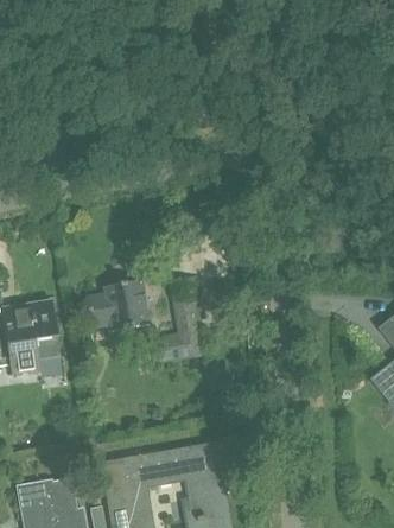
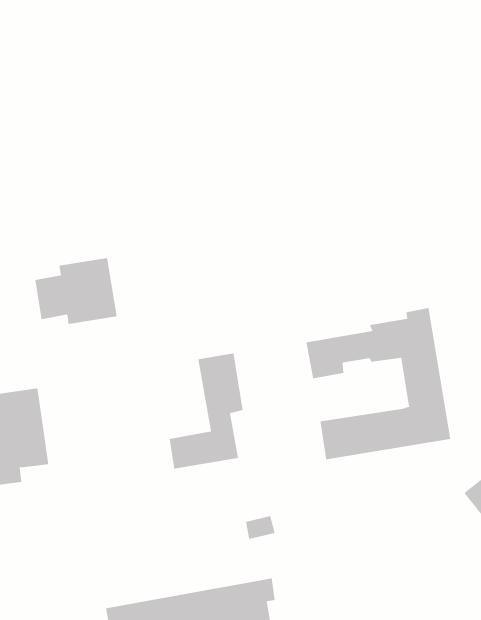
building: none -> [306,307,451,460]
building: [87,280,148,330] -> [35,258,117,324]

